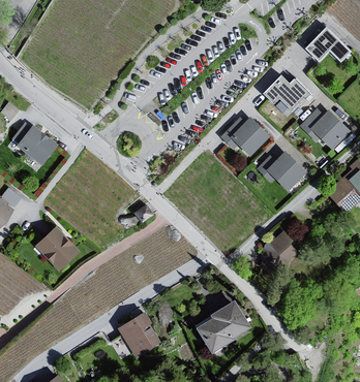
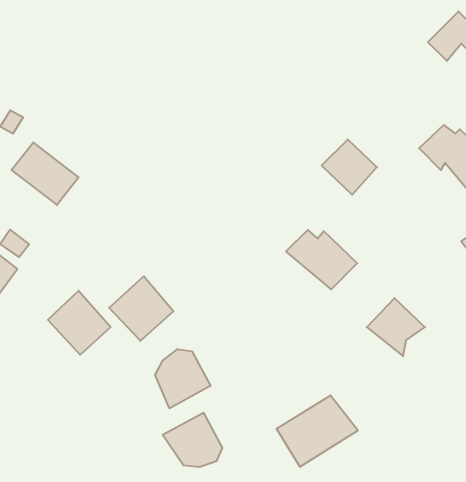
building: [263,75,310,113] -> none
building: [259,152,309,194] -> [286,230,357,289]
building: none -> [109,276,173,341]
building: none -> [155,349,211,408]

